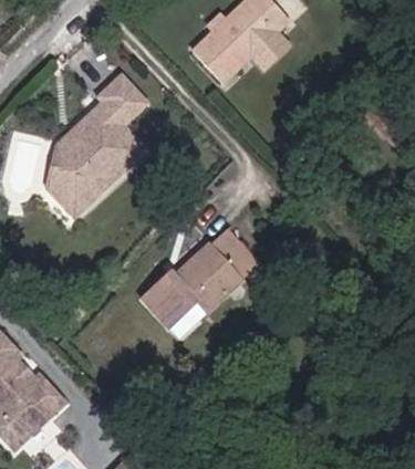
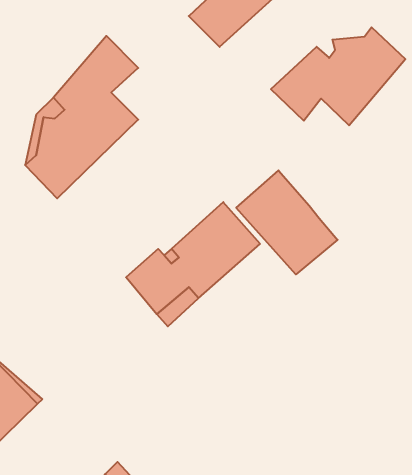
building: none -> [271,27,405,125]
building: none -> [236,170,338,274]

